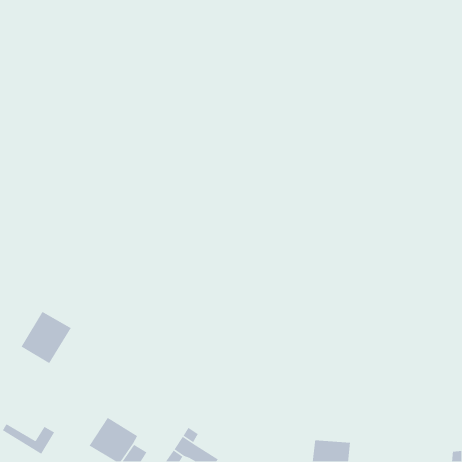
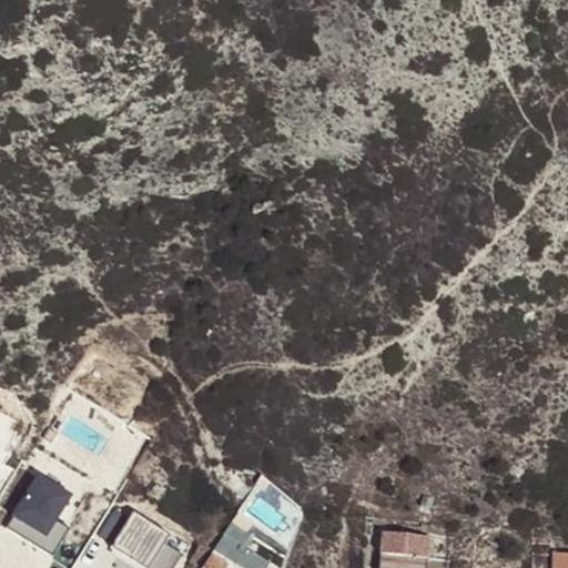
building: [20,311,72,364] -> [8,475,71,540]

